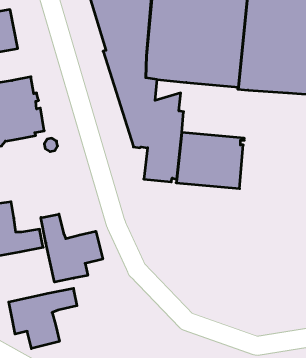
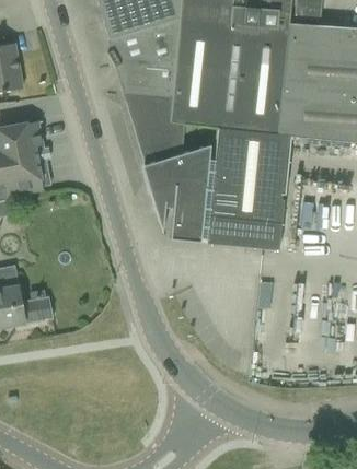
building: none -> [212,128,290,192]
building: [41,214,103,282] -> none
building: [9,288,77,349] -> none

